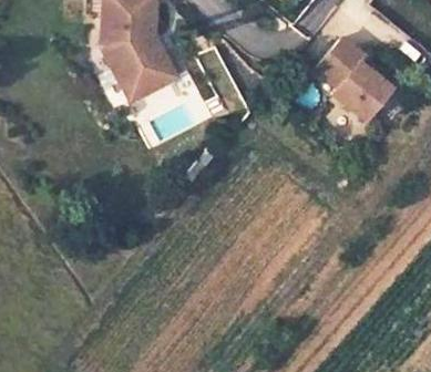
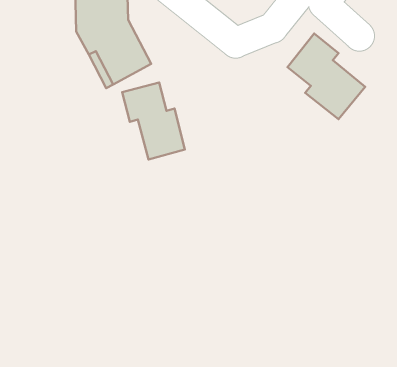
building: none -> [122,83,185,159]

